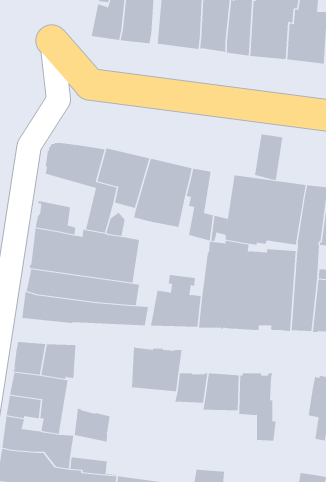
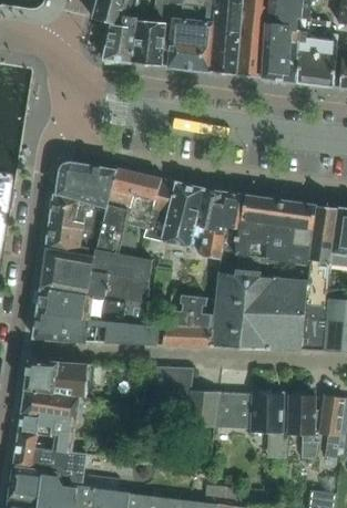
building: [254,134,283,181] -> [215,191,244,238]
building: none -> [50,194,86,227]
building: none -> [287,391,316,458]
building: [74,408,110,442] -> none

